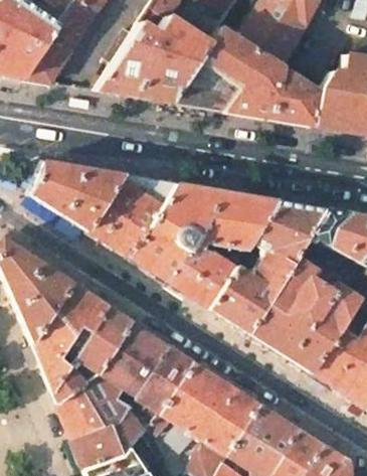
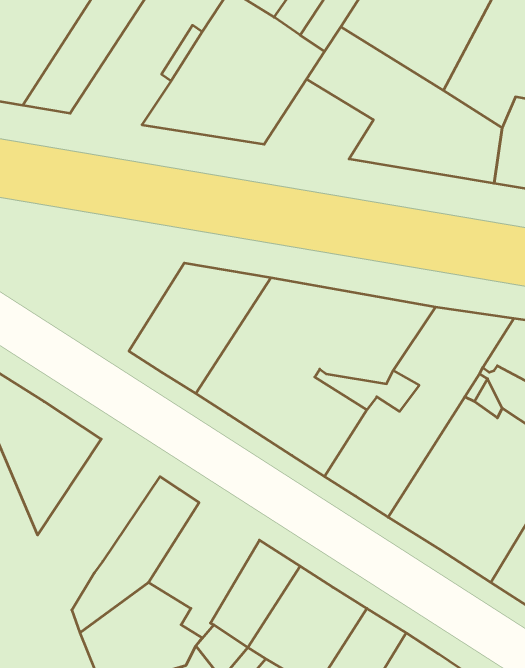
building: [173,62,240,112] -> none
building: [32,162,124,230] -> none
building: [33,285,109,390] -> none
building: [102,324,170,399] -> none

